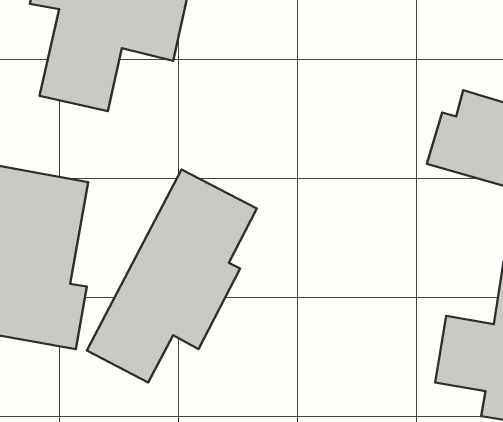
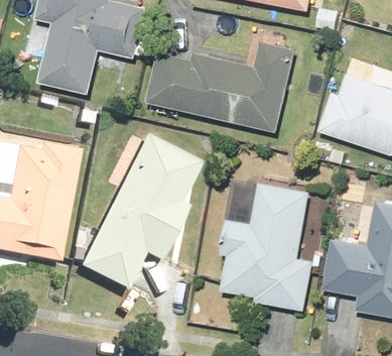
building: none -> [146,43,293,130]
building: none -> [222,182,315,312]

